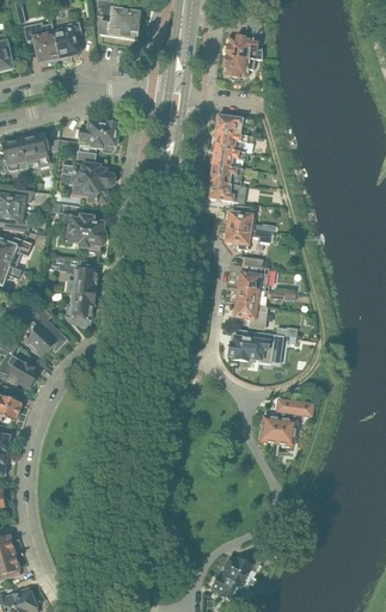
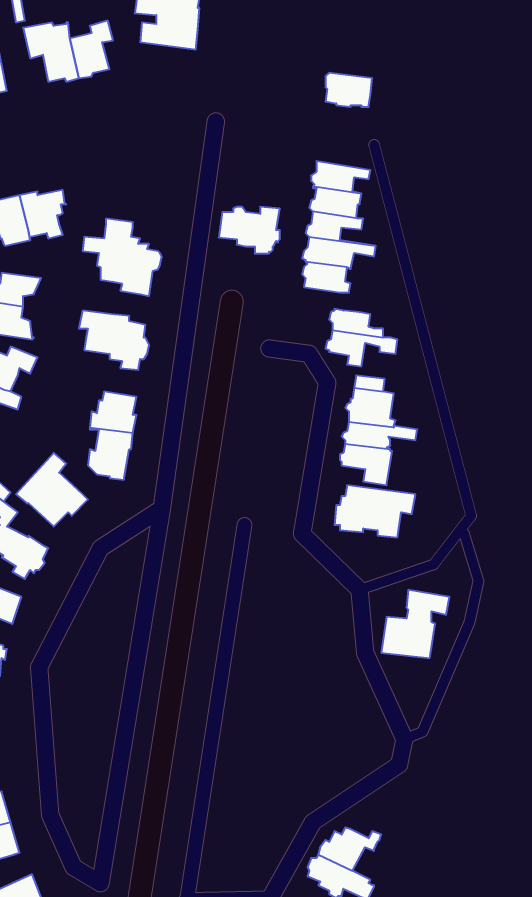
building: [225,35,263,60] -> none
building: [79,121,120,152] -> [219,207,280,254]

